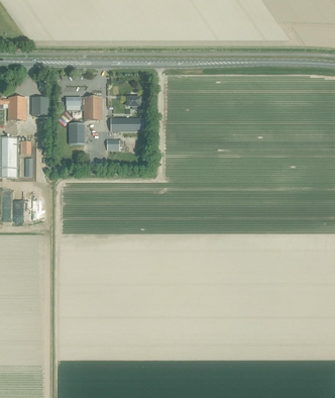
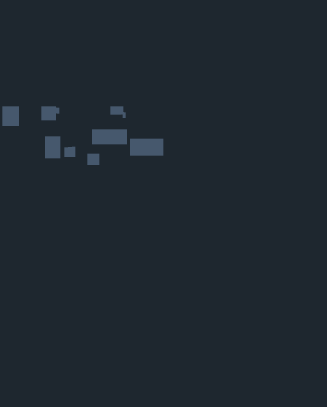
building: [83,97,101,119] -> none
building: none -> [130,138,164,156]

